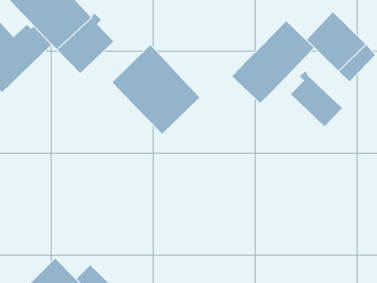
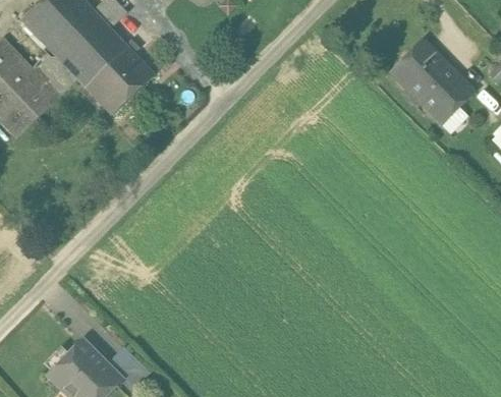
building: [231,20,314,104] -> none
building: [112,44,200,135] -> none
building: [290,71,343,127] -> none

